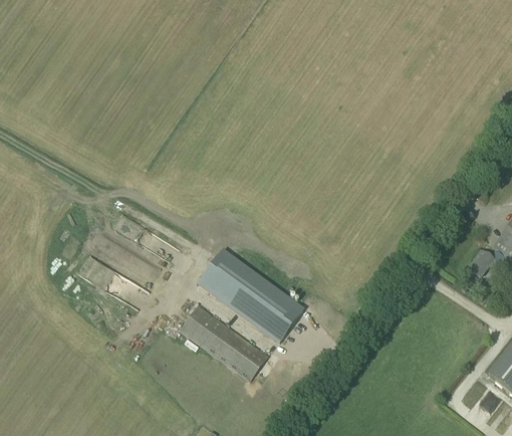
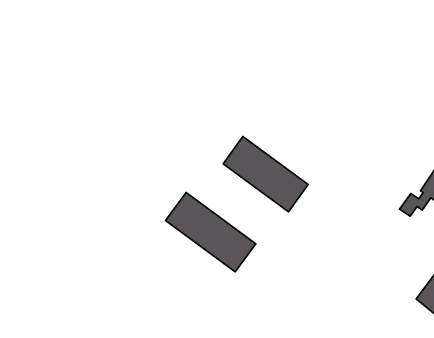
building: none -> [223,136,308,212]
building: [181,305,268,380] -> none

